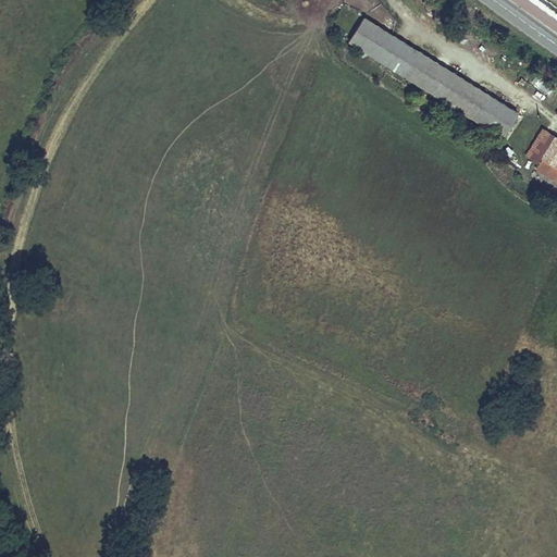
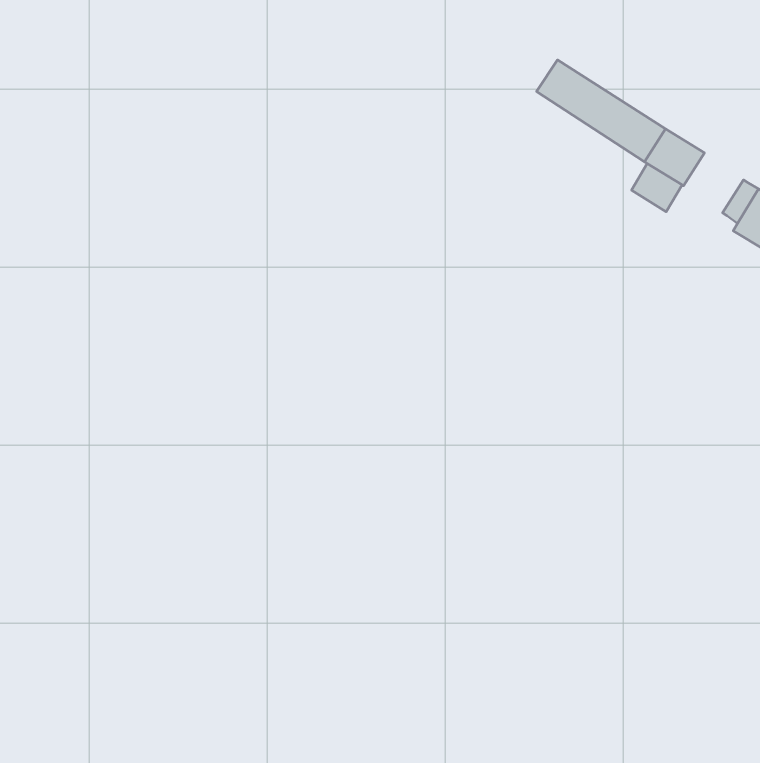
building: [347,14,409,69] -> none
building: none -> [631,164,682,212]

